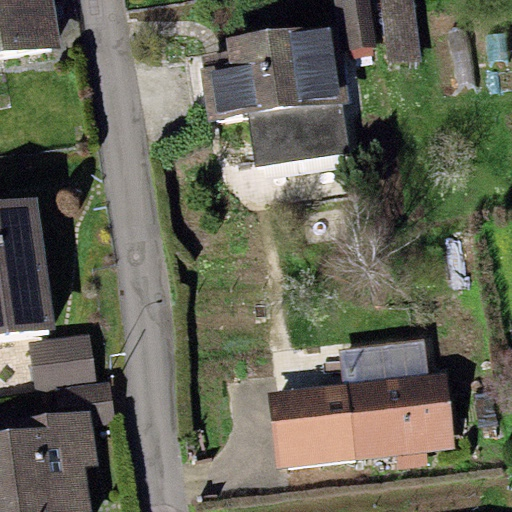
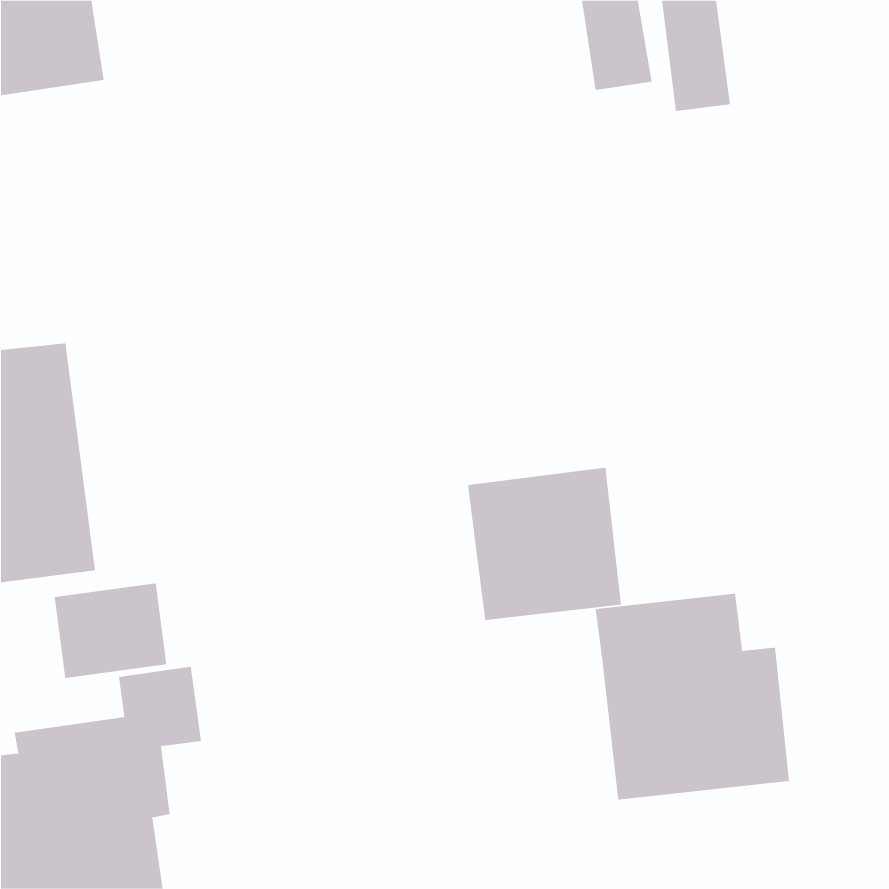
building: [199,24,348,165] -> none
building: [266,381,355,469] -> [467,467,622,620]

